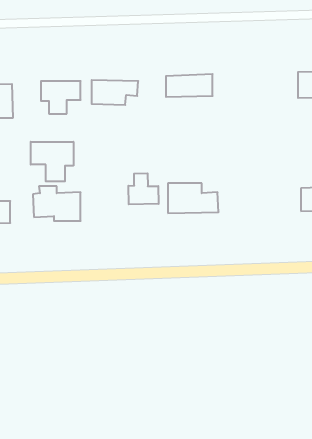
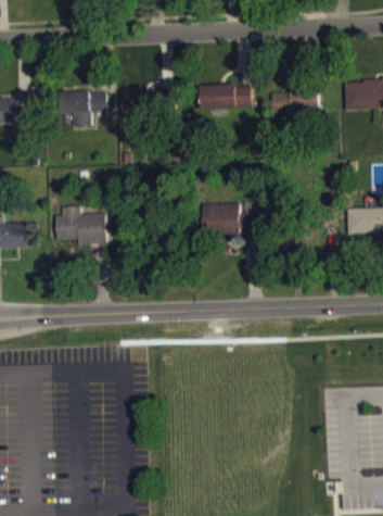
building: none -> [271,85,317,112]
building: [31,142,73,181] -> none
building: [128,173,159,204] -> none

